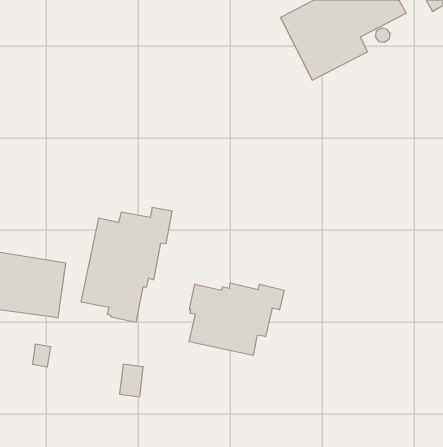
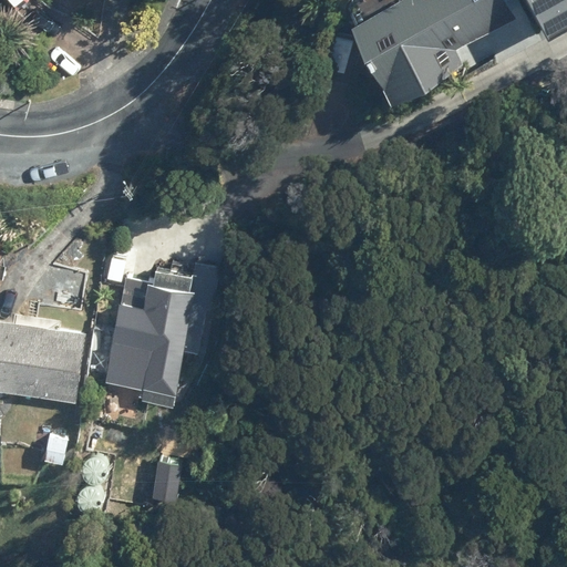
building: [189,283,284,355] -> none

